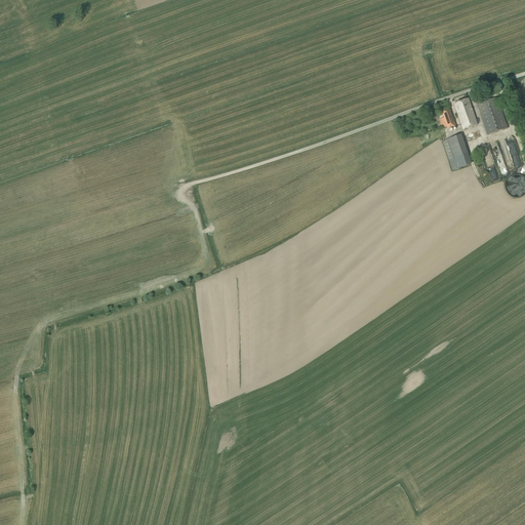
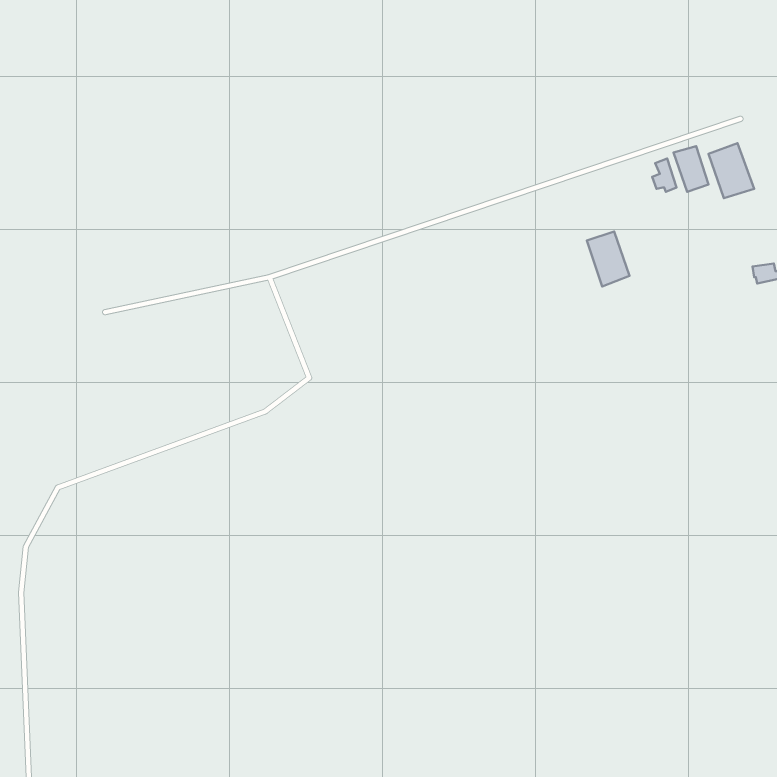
building: [443,133,472,170] -> [587,232,629,286]

